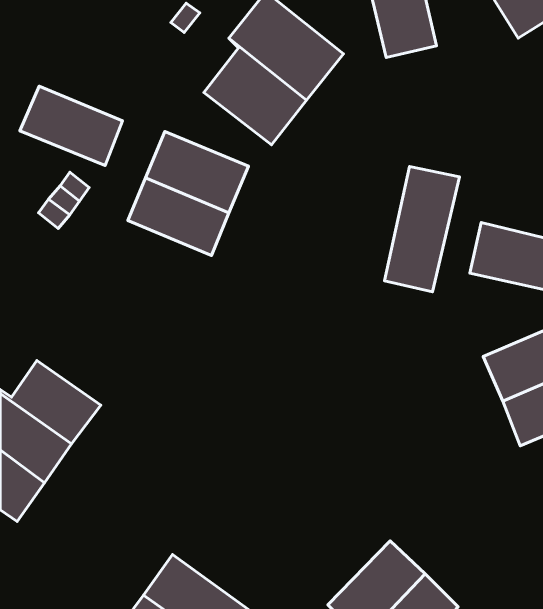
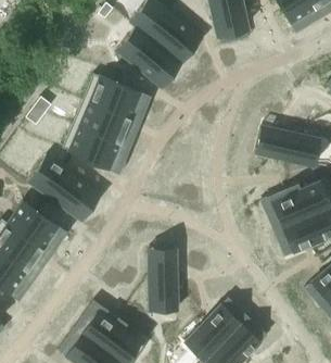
building: [20,86,123,166] -> [64,126,122,171]
building: [385,167,460,292] -> none
building: none -> [29,158,94,217]
building: none -> [150,260,178,311]

